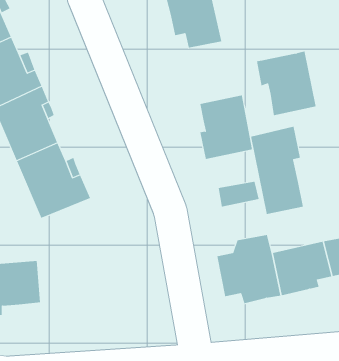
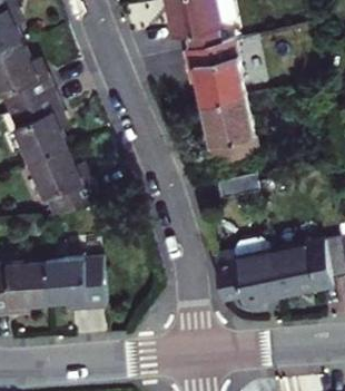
building: [256,51,316,116] -> [188,41,247,105]
building: [250,126,304,215] -> none
building: none -> [46,254,107,306]

